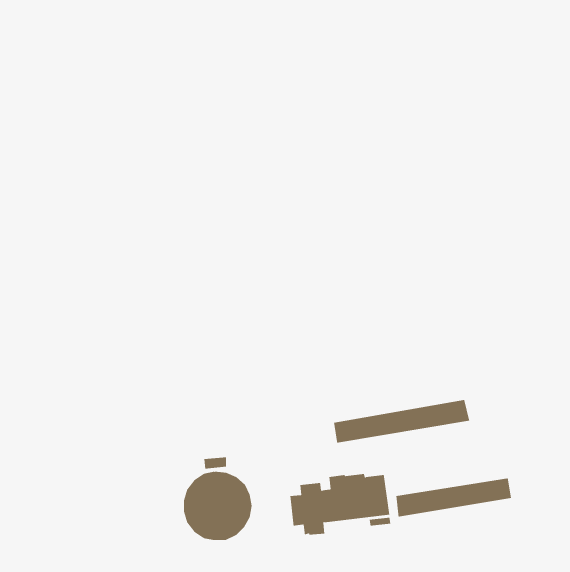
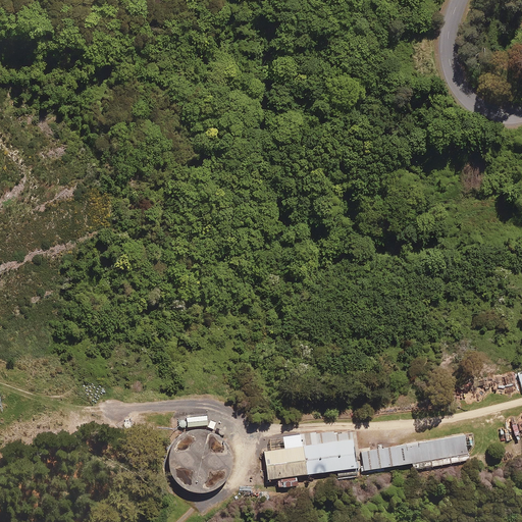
building: [333,399,470,443] -> none

